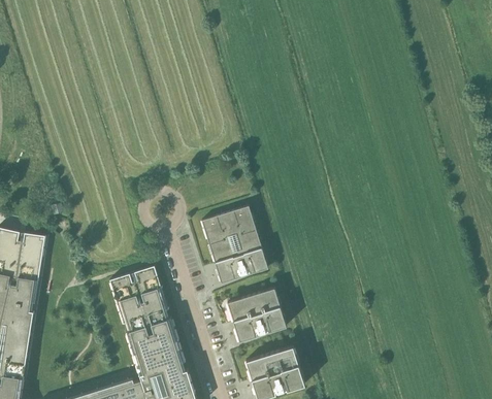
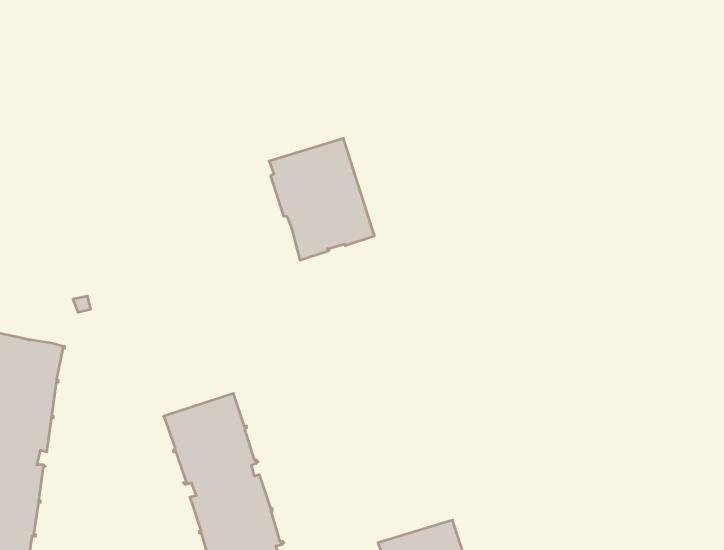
building: [200,206,267,284] -> [269,138,374,260]
building: [216,288,286,341] -> none

